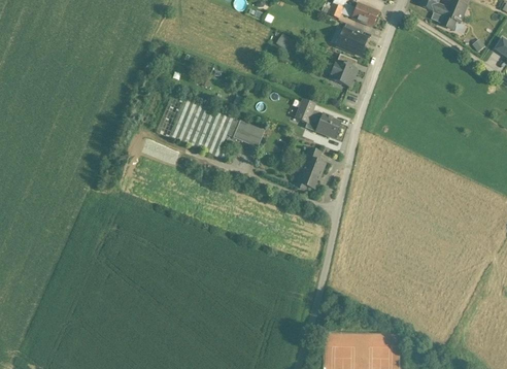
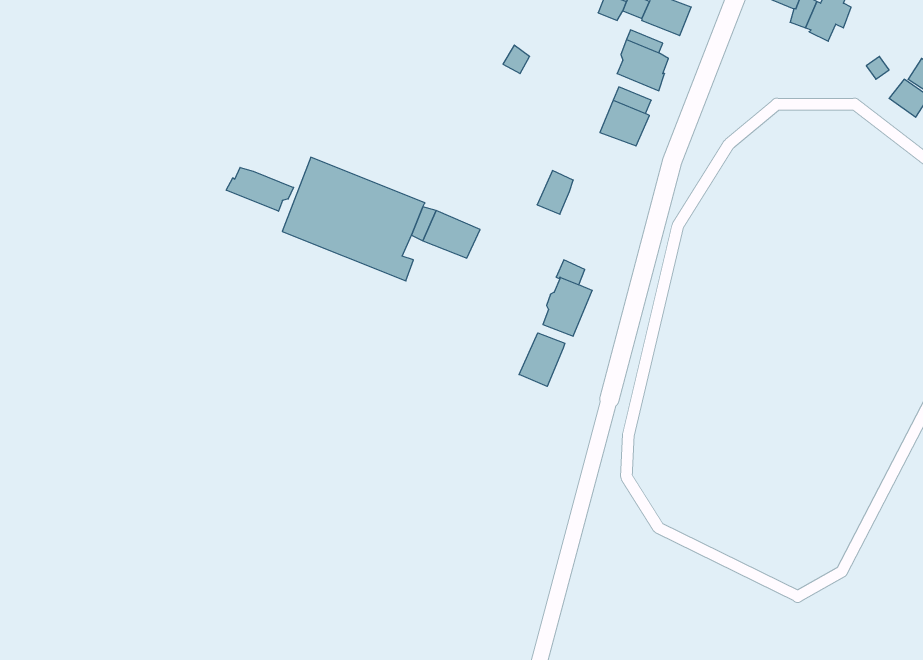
building: none -> [226,167,294,211]
building: [306,110,341,137] -> none
building: none -> [519,333,565,386]

